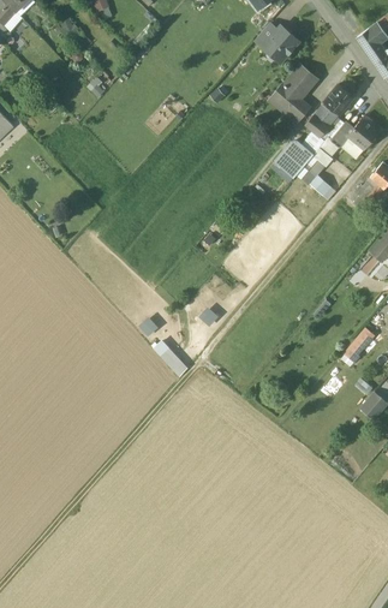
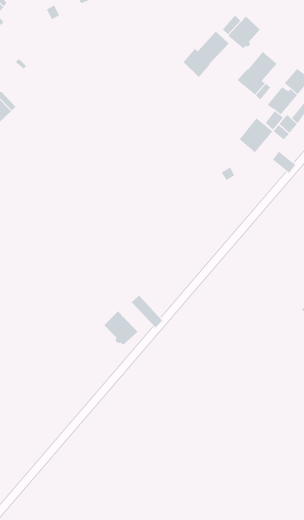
building: none -> [183,31,229,78]
building: none -> [104,311,138,346]

